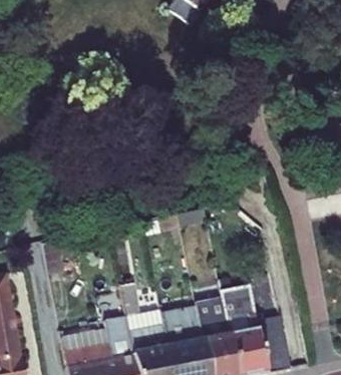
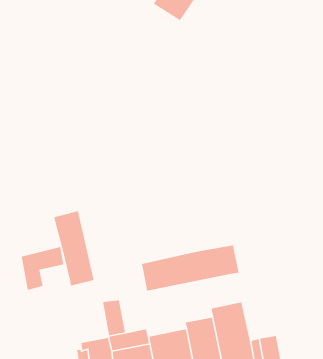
building: none -> [53,210,95,287]
building: none -> [141,244,239,291]

